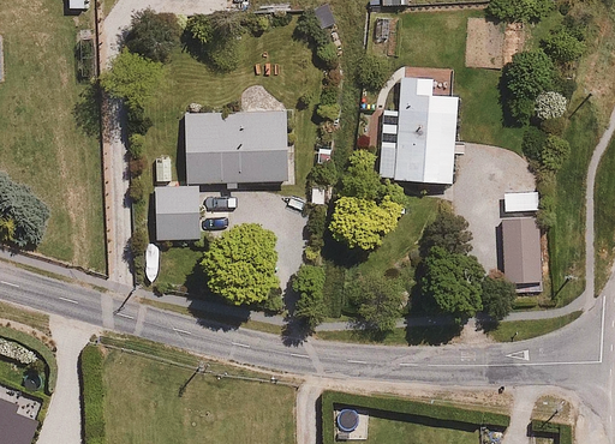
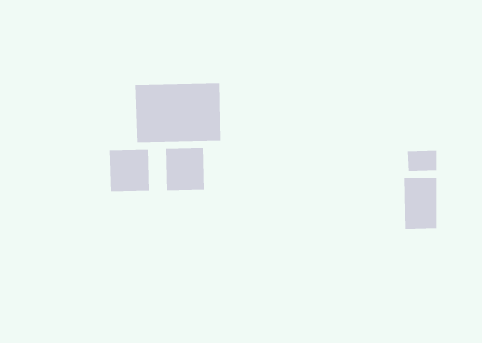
building: [378,73,460,181] -> none
building: none -> [165,147,205,191]

